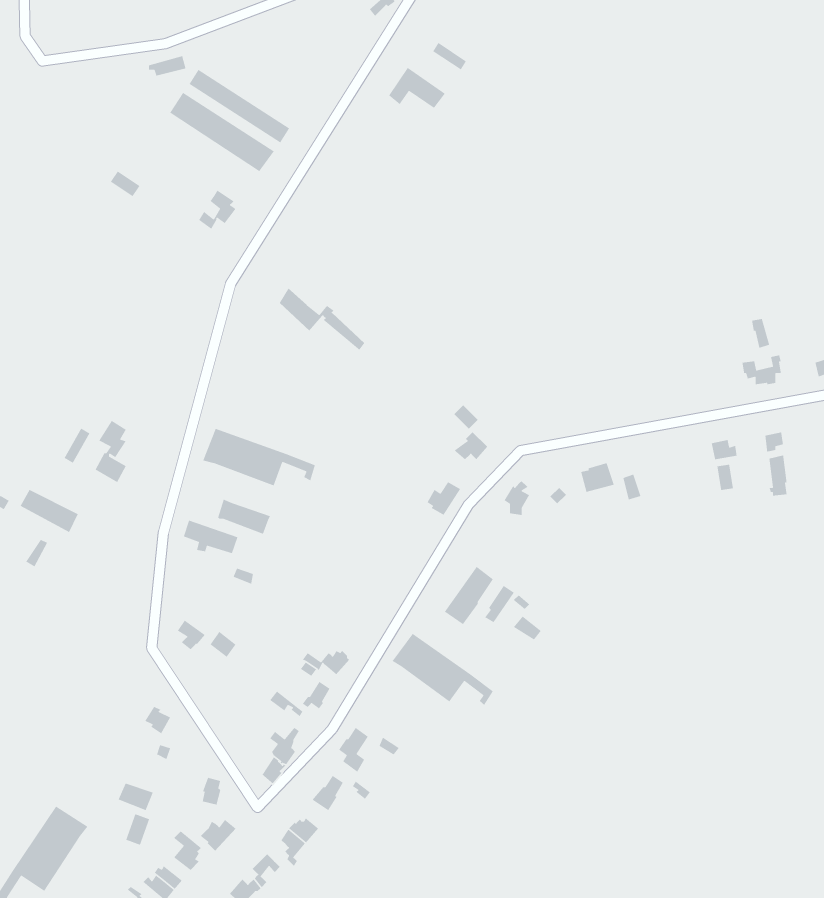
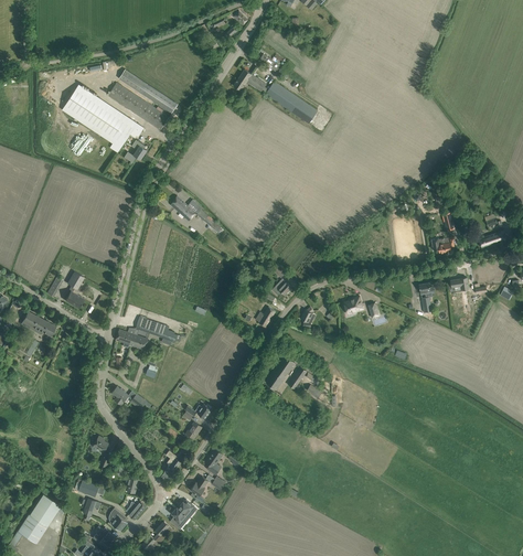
building: none -> [266,83,318,125]
building: none -> [63,85,143,148]
building: [202,428,316,487] -> none
building: [391,633,494,706] -> none

